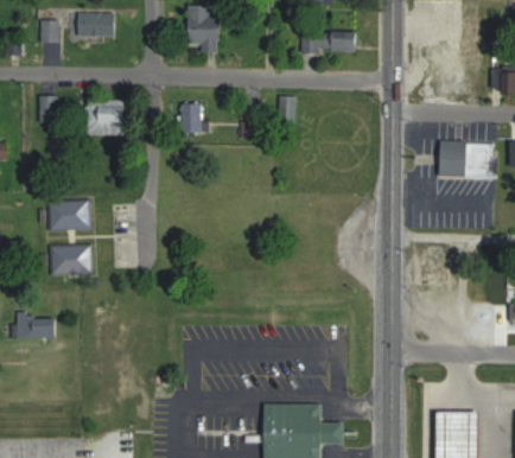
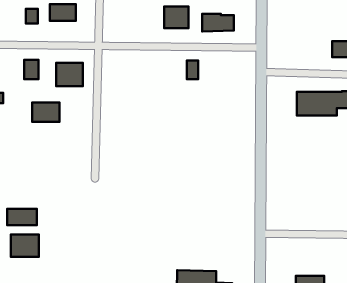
building: [186,14,222,46] -> [164,7,188,28]
building: [183,101,208,132] -> none
building: [50,201,90,229] -> [32,102,60,122]
building: [52,246,93,274] -> none
building: none -> [11,235,39,257]

